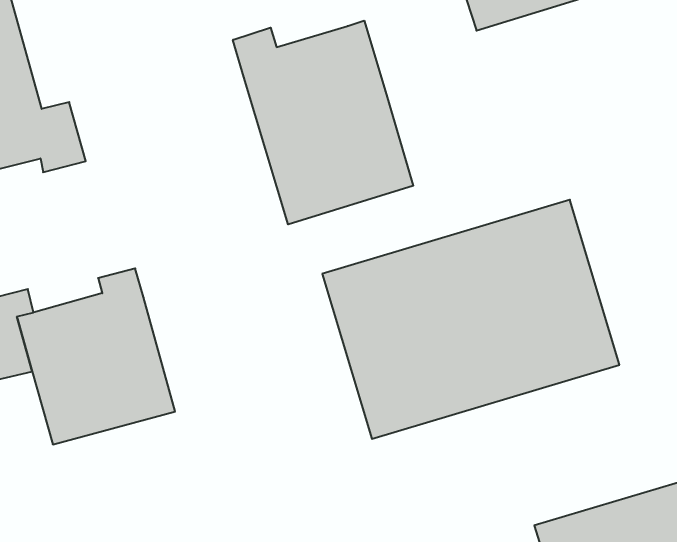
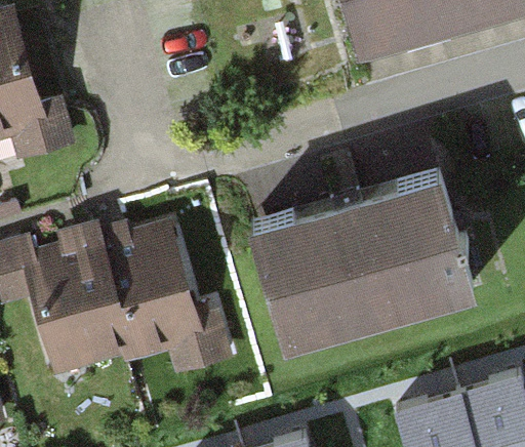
building: [233,21,413,224] -> none
building: none -> [114,229,234,370]

